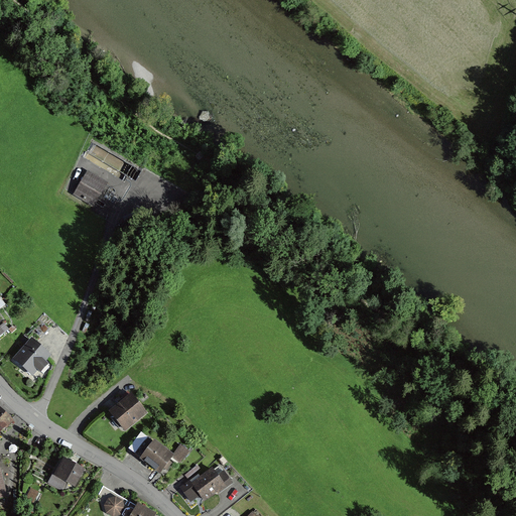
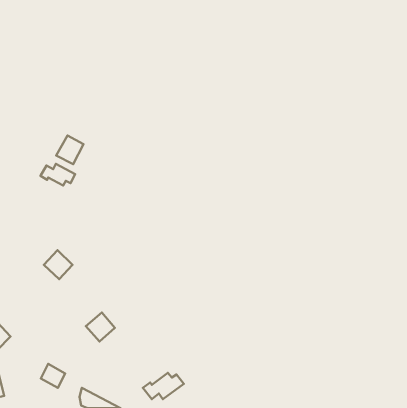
building: none -> [41,164,75,185]
building: [13,339,49,375] -> [44,250,73,279]
building: [136,437,188,475] -> none

